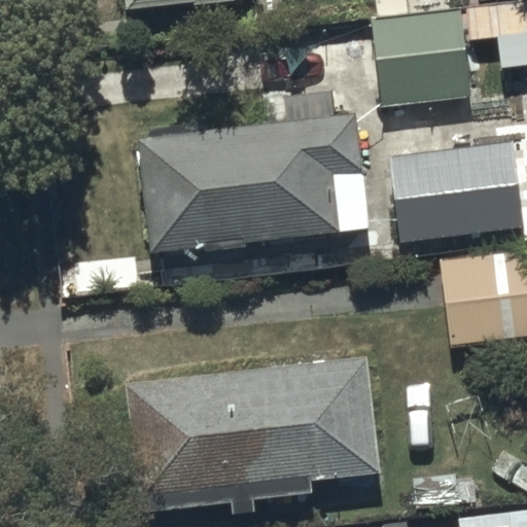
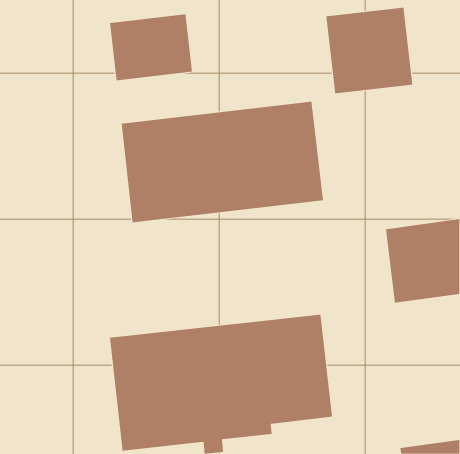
building: none -> [109,13,193,81]
building: [389,131,521,235] -> none

